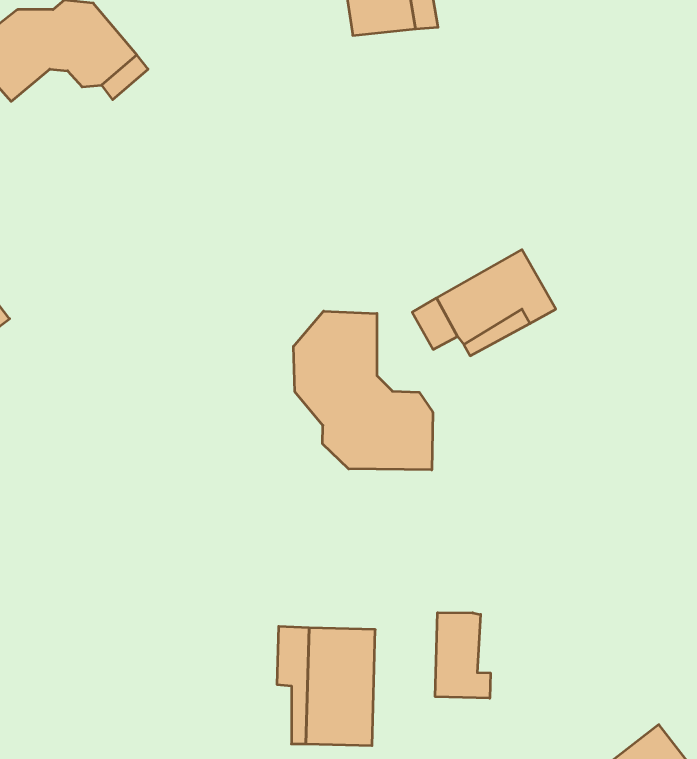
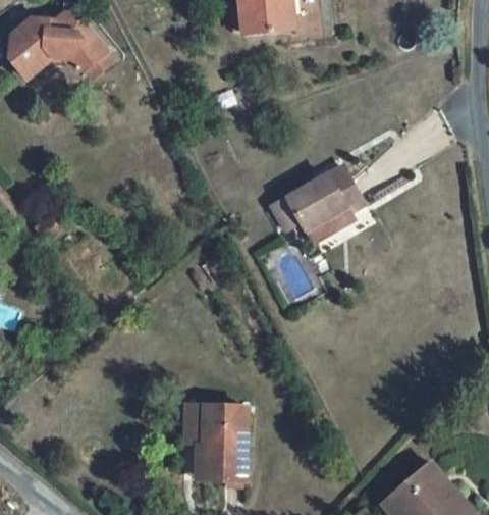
building: [293,311,433,470] -> none
building: [435,613,490,698] -> none

